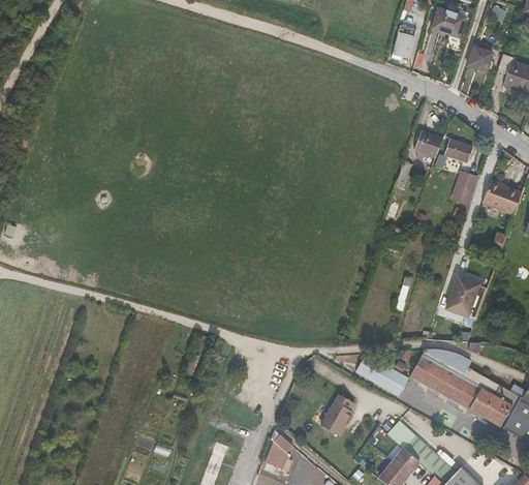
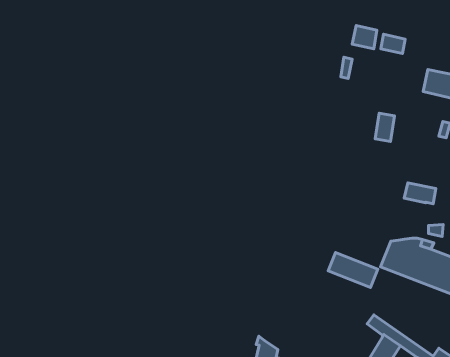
building: [454,172,477,203] -> [375,113,395,142]
building: [453,279,487,305] -> none
building: [322,396,355,437] -> none

